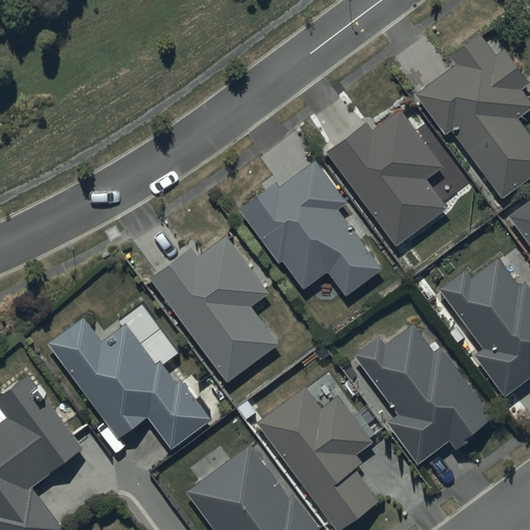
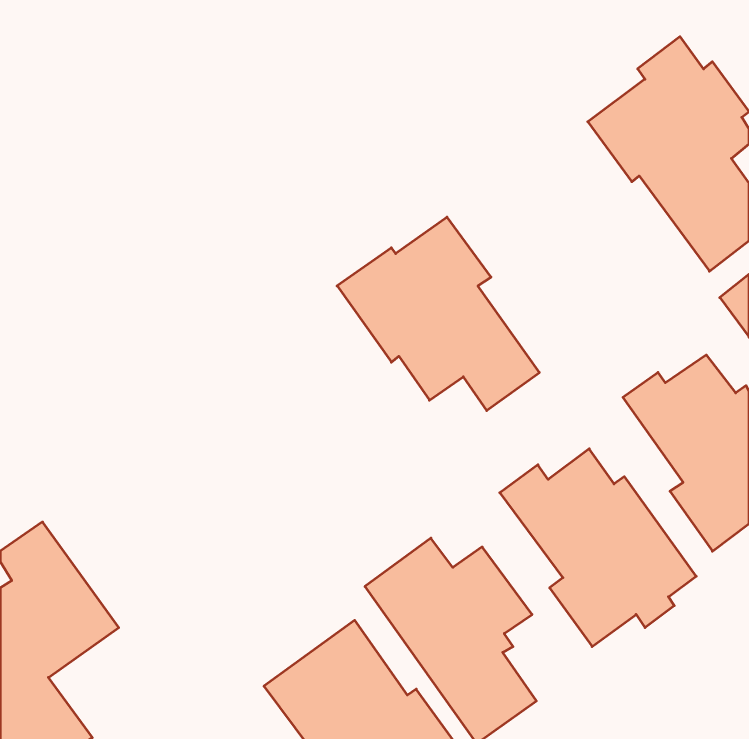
building: [328,111,447,246] -> none
building: [151,236,281,382] -> none
building: [49,317,211,450] -> none

